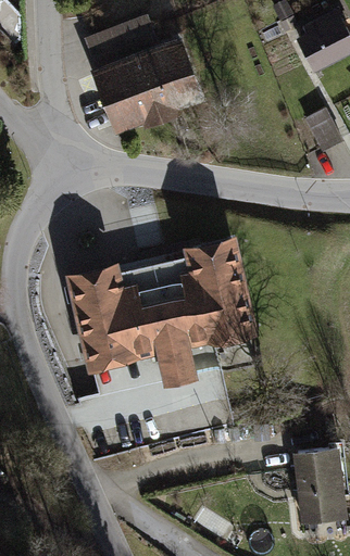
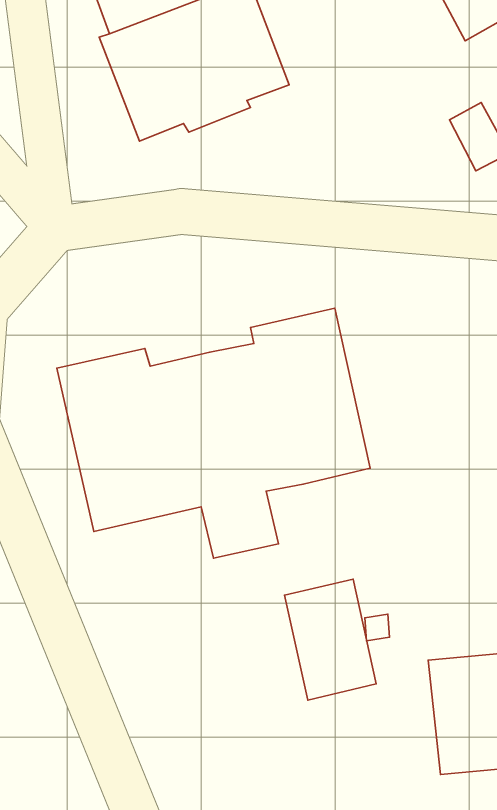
building: none -> [285,579,376,700]

